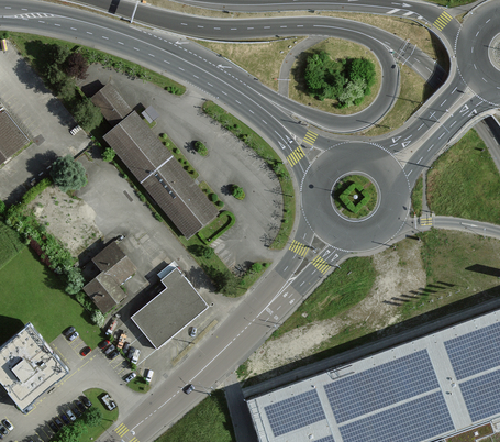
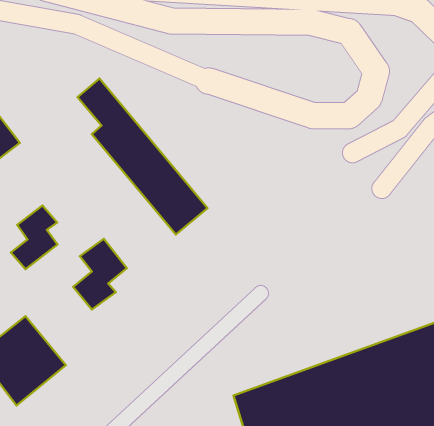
building: none -> [11,206,57,269]
building: [132,270,209,352] -> none

